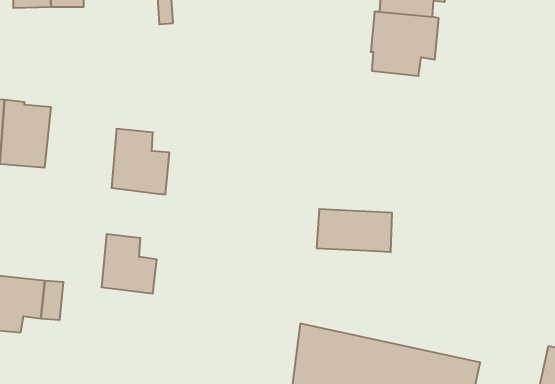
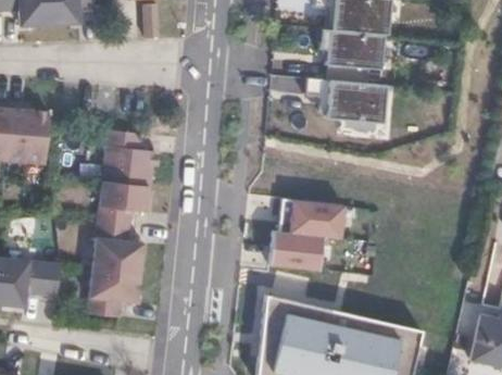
building: none -> [305,77,386,123]
building: none -> [98,180,146,224]
building: none -> [271,232,323,270]
building: none -> [89,266,138,321]

